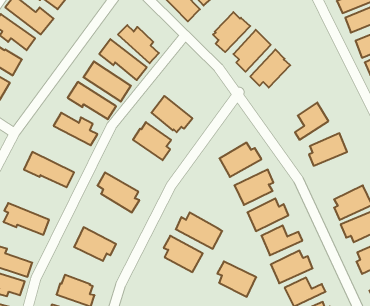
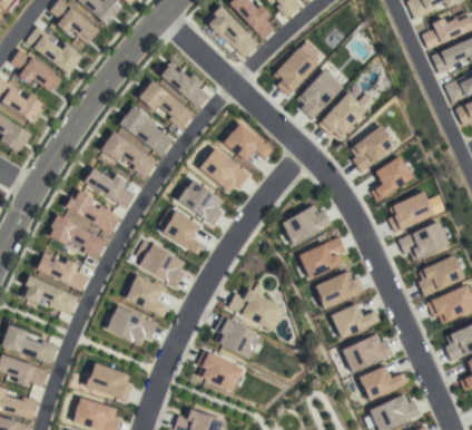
building: none -> [224,123,274,159]
building: none -> [351,124,396,172]
building: none -> [67,190,121,233]
building: none -> [164,209,204,254]
building: none -> [399,221,449,260]
building: none -> [36,252,88,290]
building: none -> [127,274,169,316]
building: [217,261,256,297] -> [197,349,244,391]

